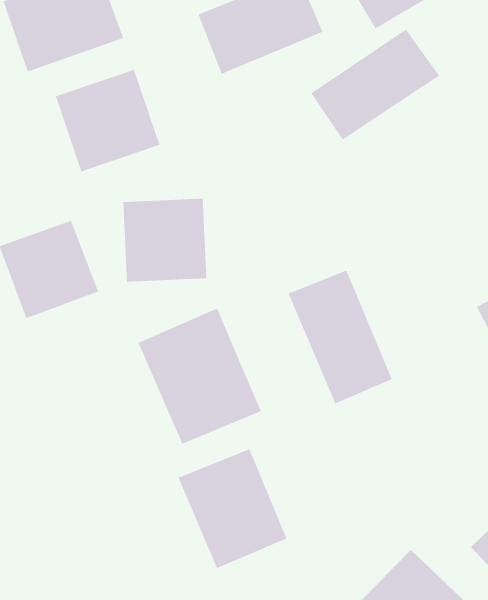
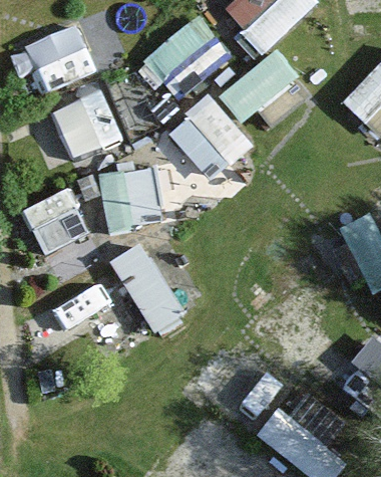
building: none -> [164,94,252,182]
building: [287,269,393,405] -> none
building: [178,448,288,569] -> none

